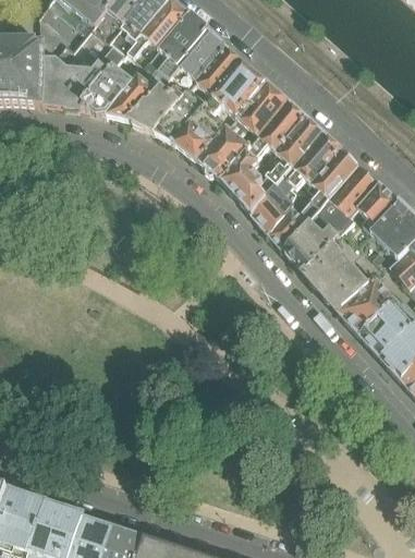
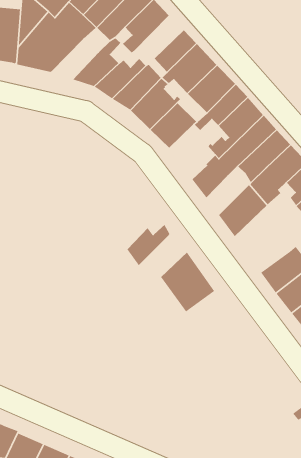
building: [173,32,227,90] -> none
building: [83,68,133,114] -> none
building: [223,151,267,214] -> none
building: [270,201,318,251] -> [126,224,171,266]
building: [306,242,369,311] -> [160,251,215,312]

